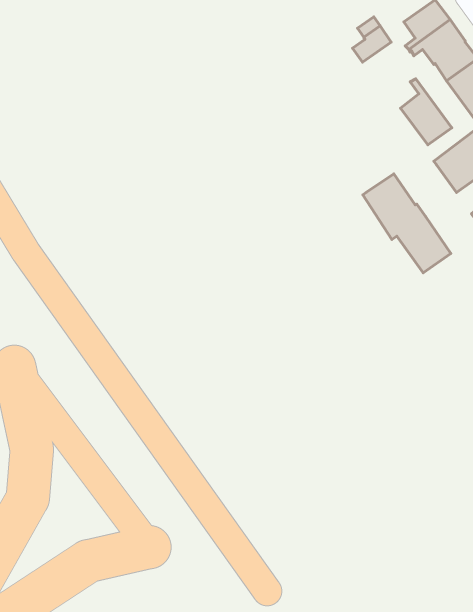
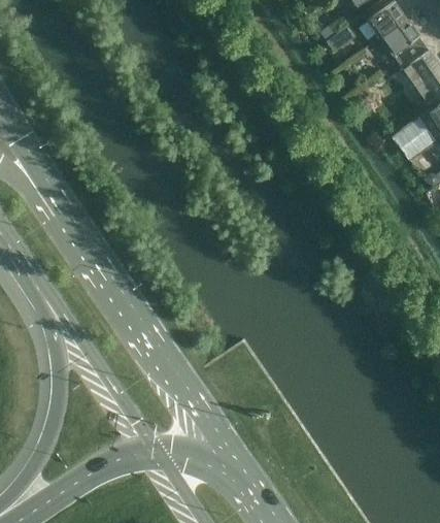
building: [401,79,452,145] -> none
building: [363,174,451,273] -> none

